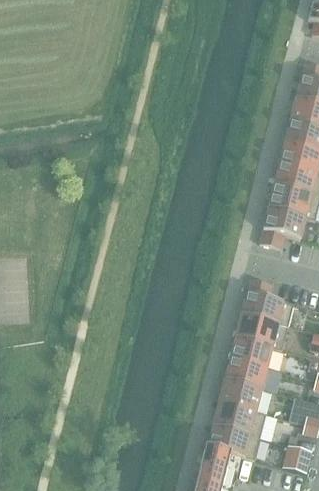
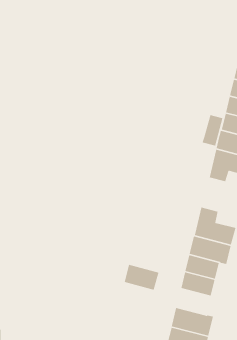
building: none -> [202,114,223,146]
building: [218,380,262,413] -> [124,264,159,291]

